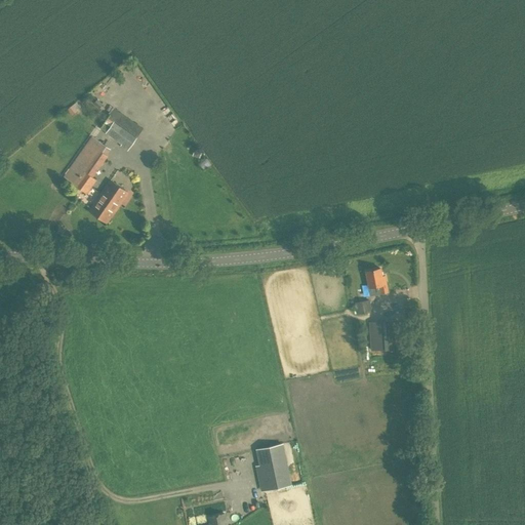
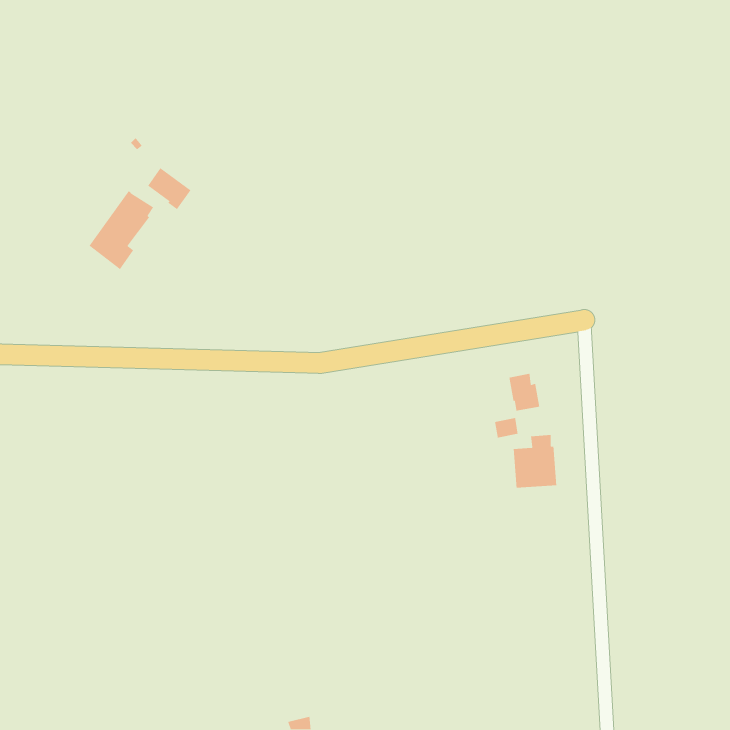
building: [89,179,128,223] -> none
building: [254,445,288,491] -> none

